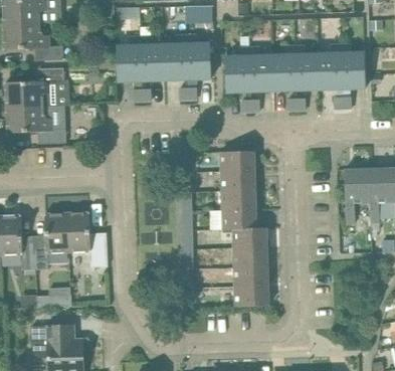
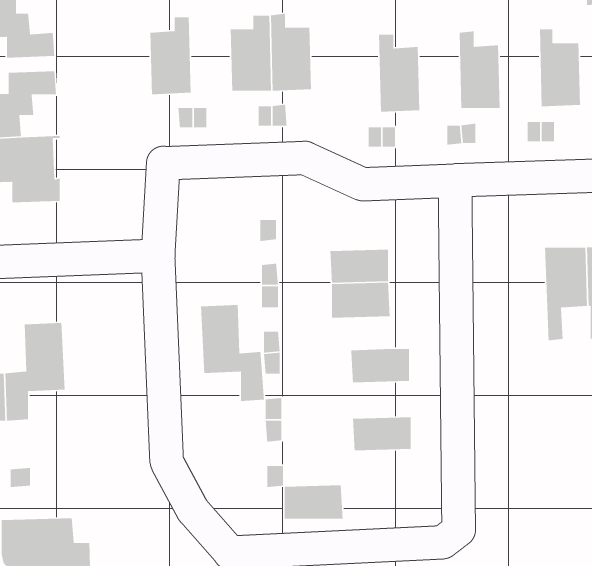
building: [226,34,250,91] -> none
building: [141,36,165,80] -> none
building: [319,43,343,89] -> none
building: [272,45,297,90] -> none
building: [221,151,255,171] -> none
building: [222,209,257,229] -> none
building: [67,211,105,267] -> [200,304,265,402]
building: [234,246,268,267] -> none
building: [235,286,269,306] -> [284,484,343,519]

